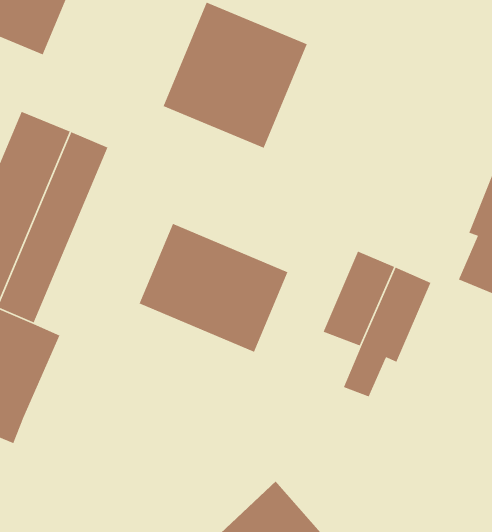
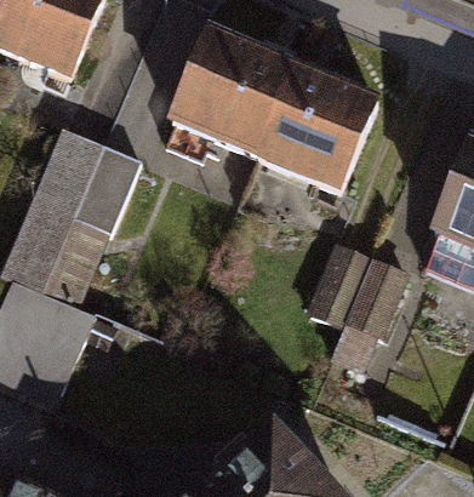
building: none -> [264,74,386,196]
building: [138,223,289,353] -> none

